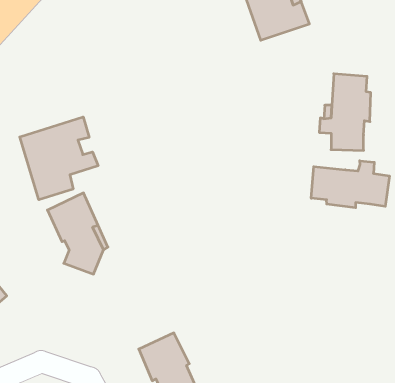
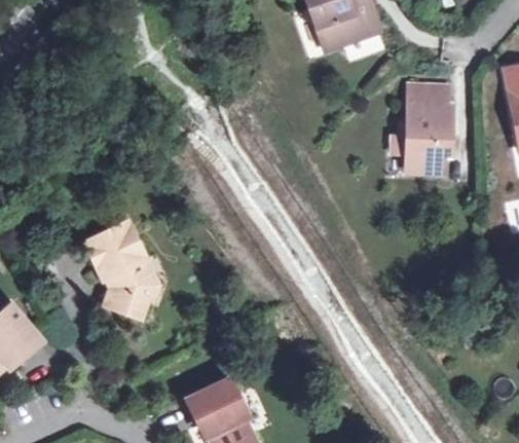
building: [20,117,98,200] -> none
building: [311,161,389,208] -> none

